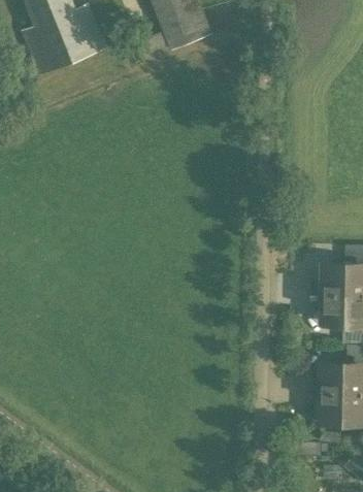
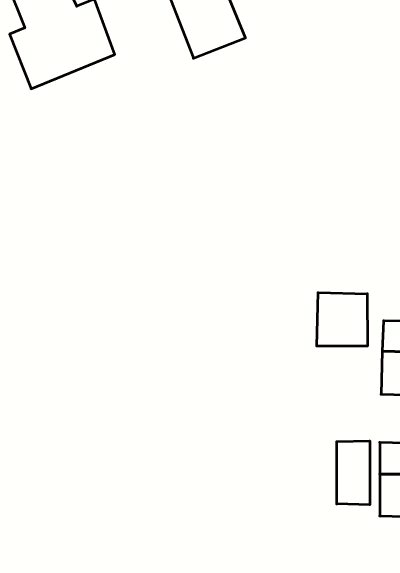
building: none -> [317,293,367,346]
building: none -> [337,441,370,505]

